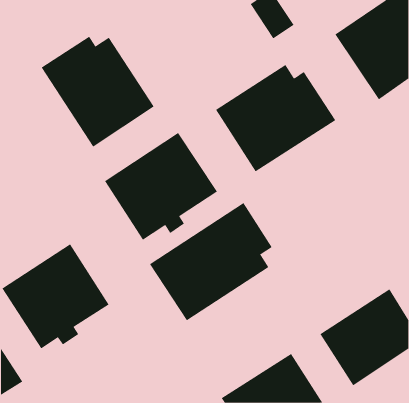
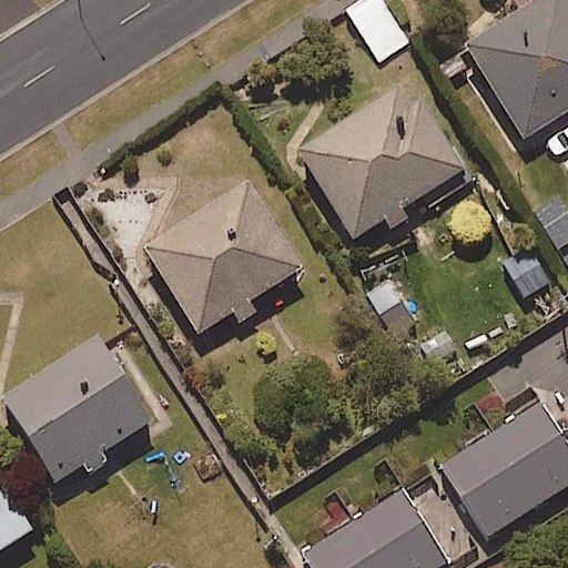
building: [41,36,155,147] -> none
building: [149,202,272,321] -> none

